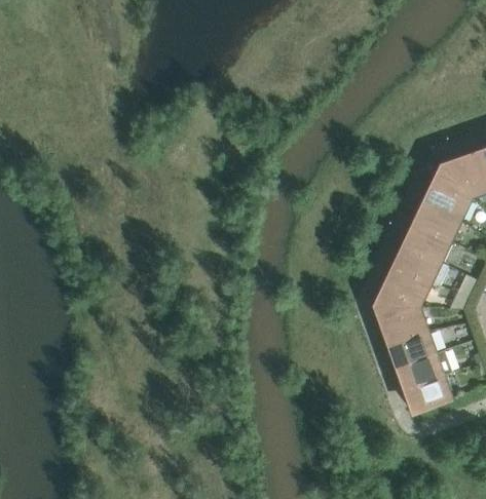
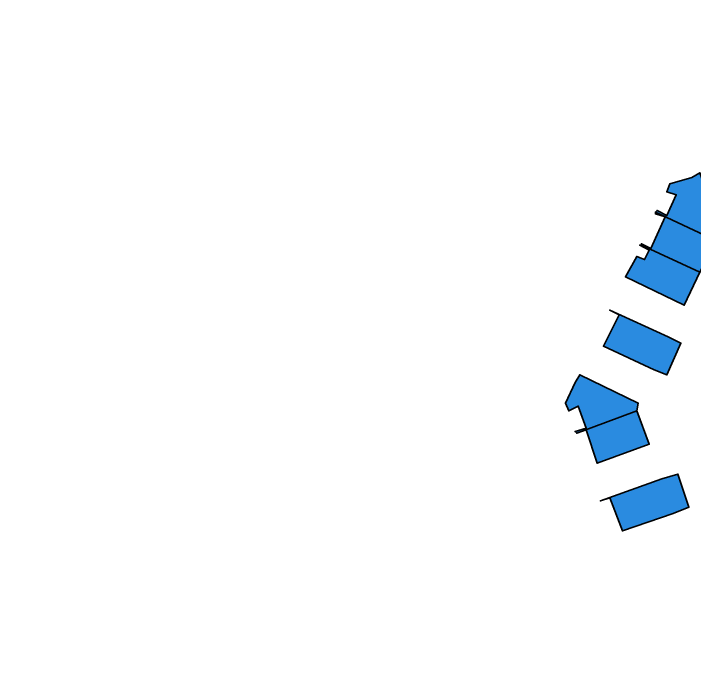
building: [399,222,447,261] -> none
building: [379,267,427,304] -> none
building: [385,331,433,368] -> none
building: [407,376,449,412] -> none

